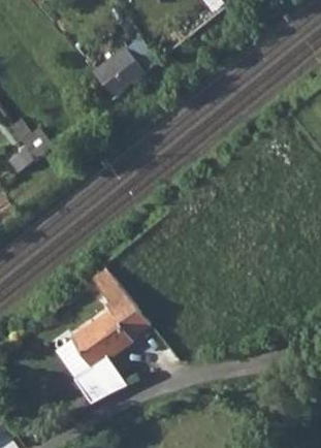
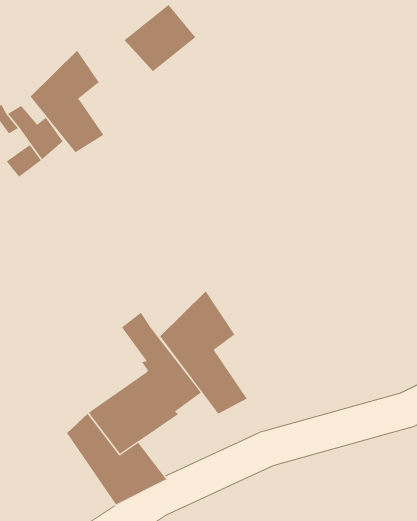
building: none -> [30,50,104,153]
building: none -> [160,291,247,414]

